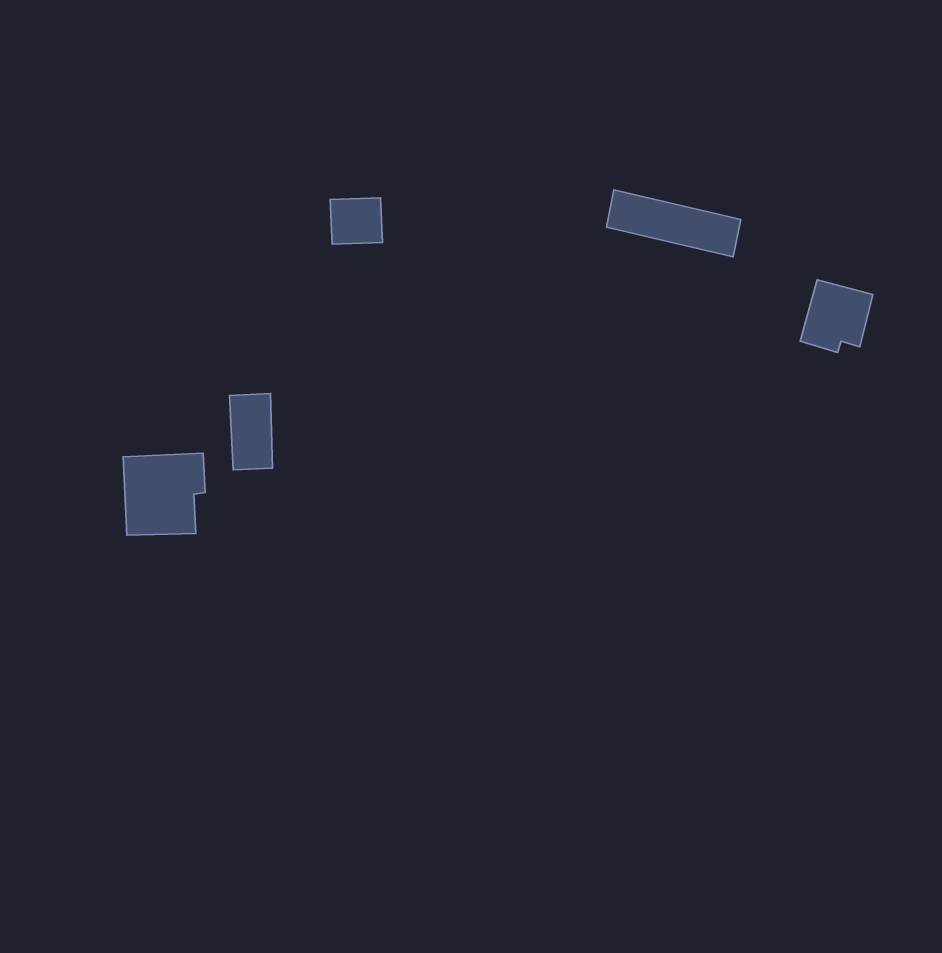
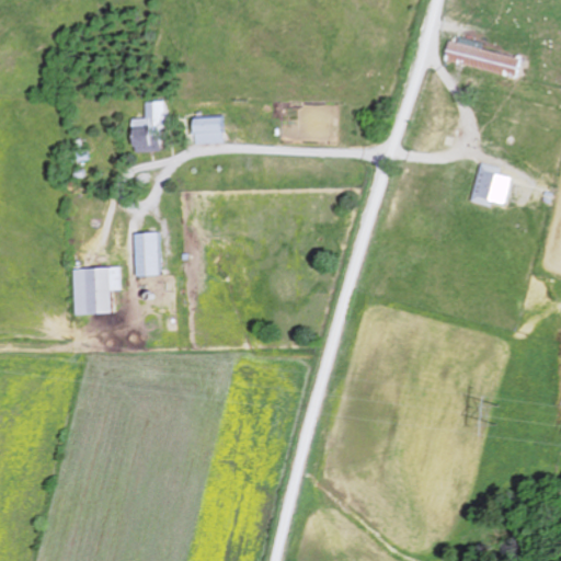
building: none -> [134,101,163,151]
building: [606,190,741,257] -> [443,38,522,78]

